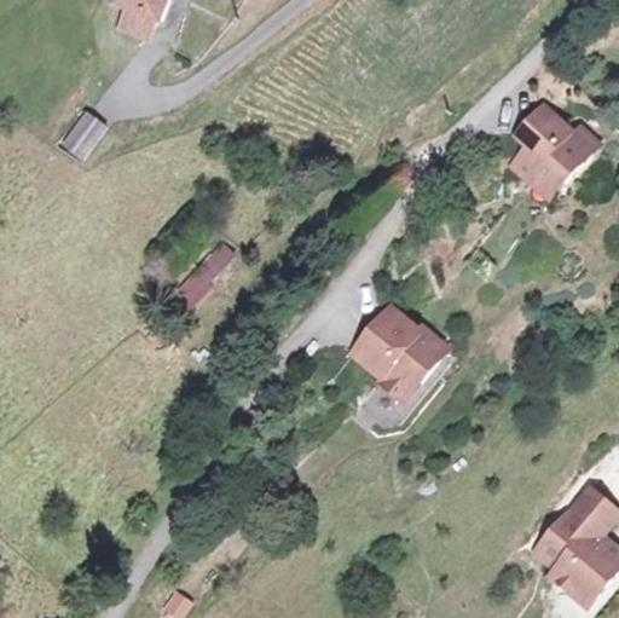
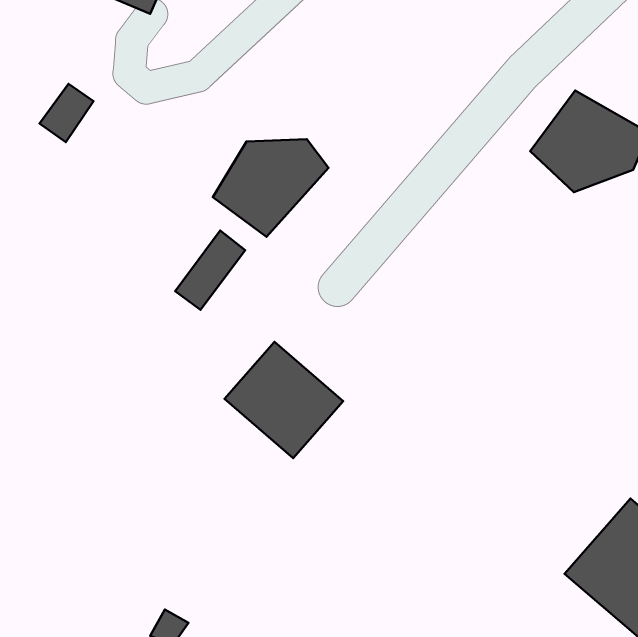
building: none -> [213,139,329,237]
building: [347,298,456,404] -> [224,342,343,458]

